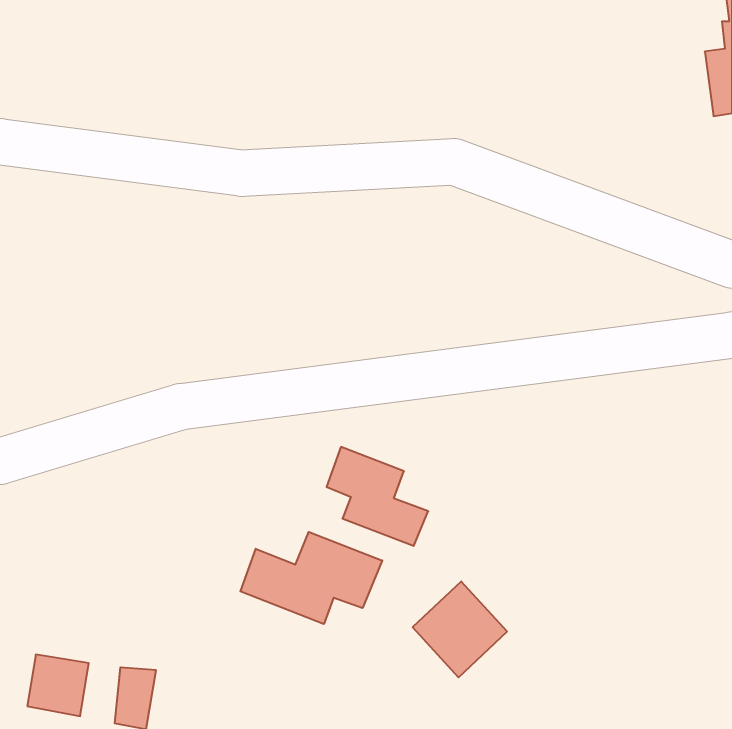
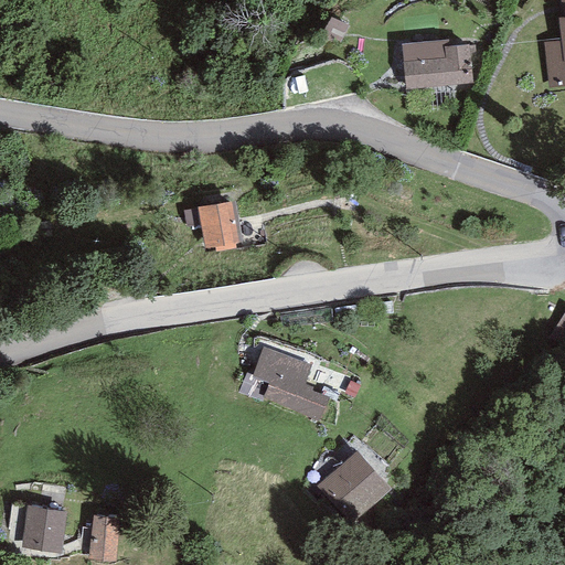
building: none -> [403,39,472,88]
building: none -> [198,199,242,249]
building: [240,532,382,624] -> none

